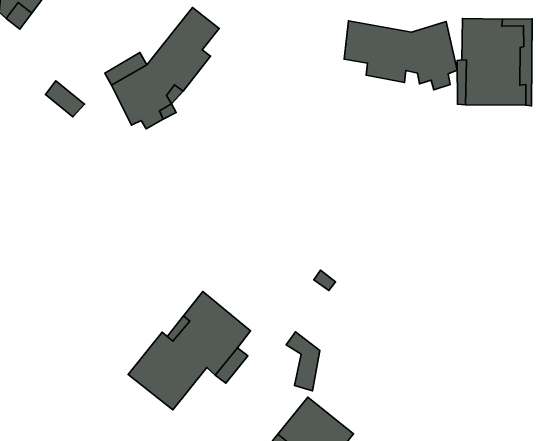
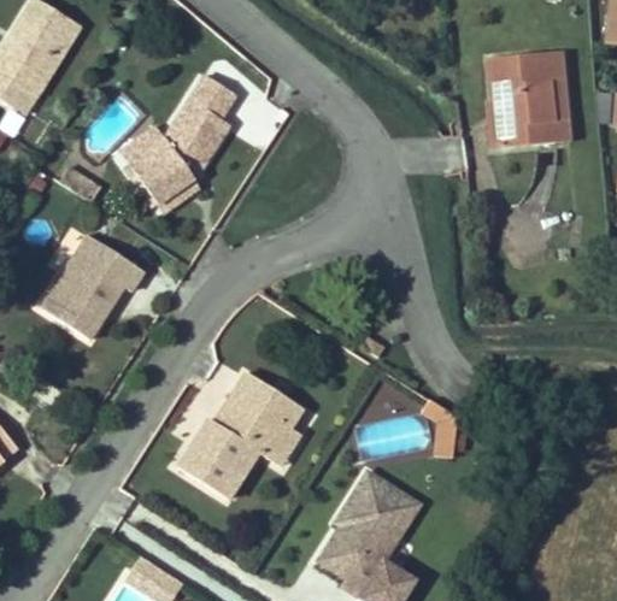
building: [344,21,457,90] -> none
building: none -> [41,234,145,337]
building: [286,332,320,391] -> [422,397,458,458]

